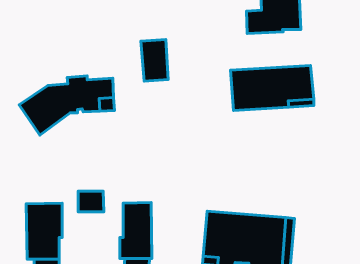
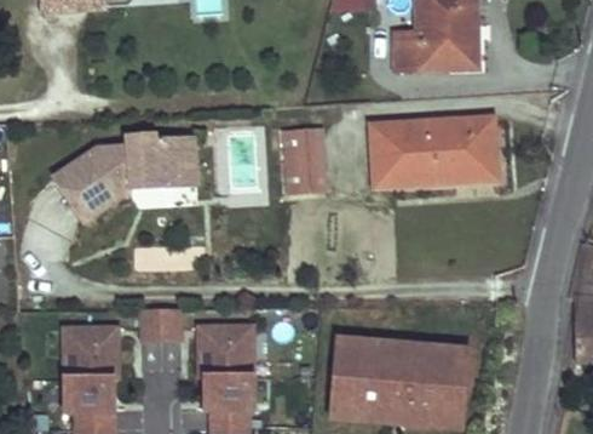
building: [141,39,168,81] -> [284,127,326,190]

